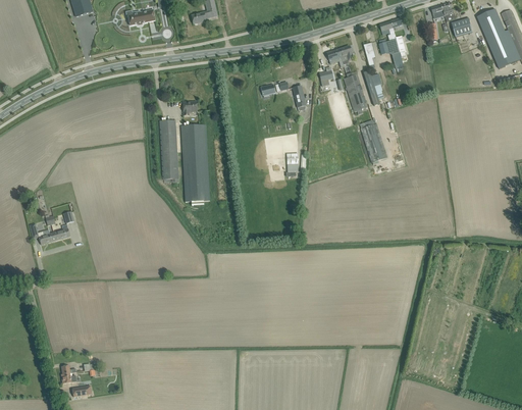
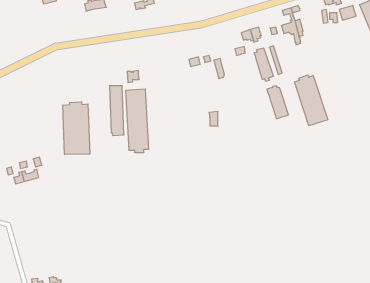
building: none -> [294,75,328,126]
building: none -> [63,102,90,155]

